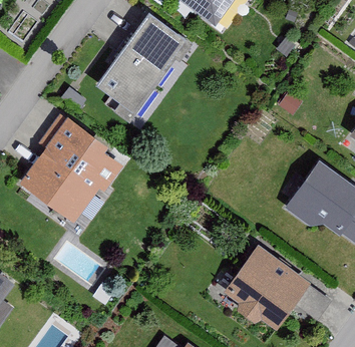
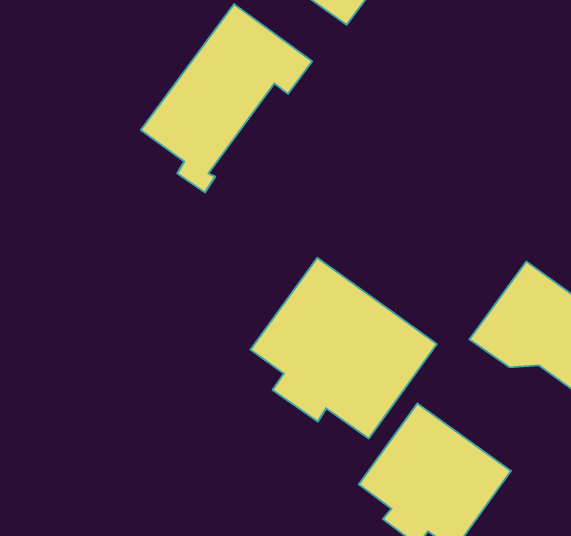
building: [20,118,121,222] -> none
building: none -> [250,258,437,438]

